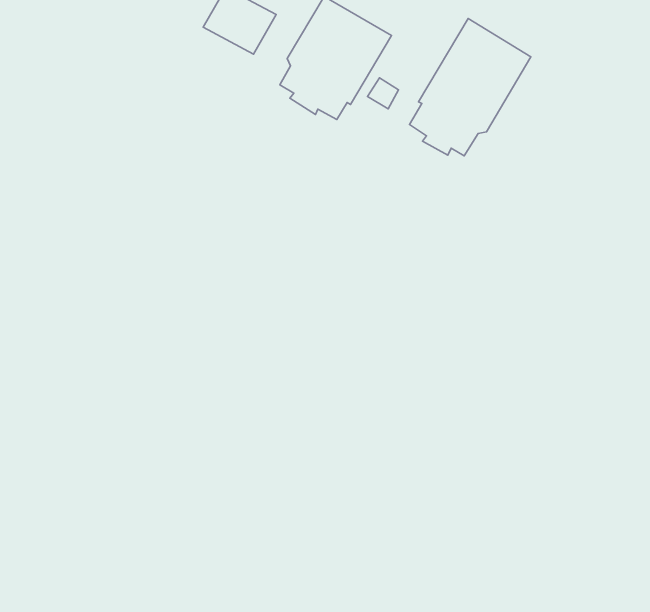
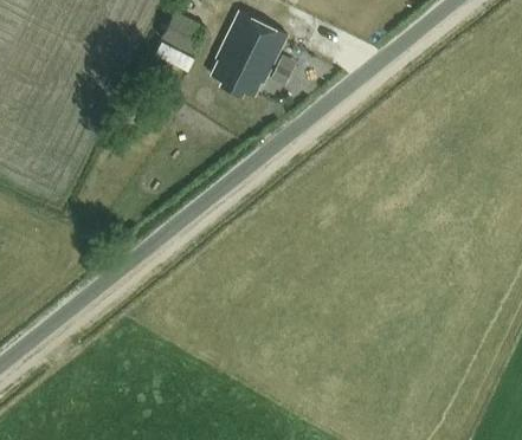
building: [410,18,531,156] -> none

